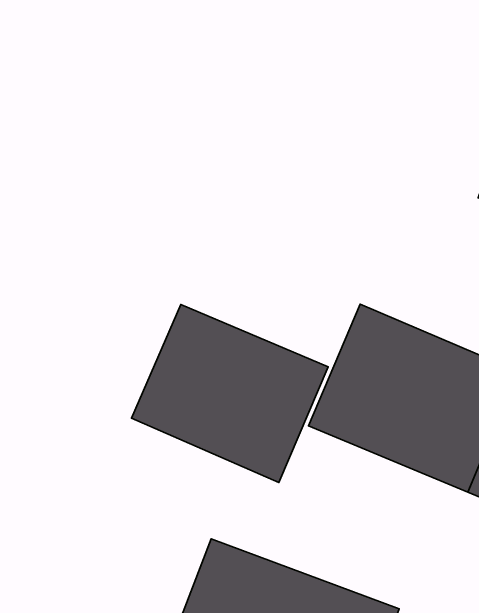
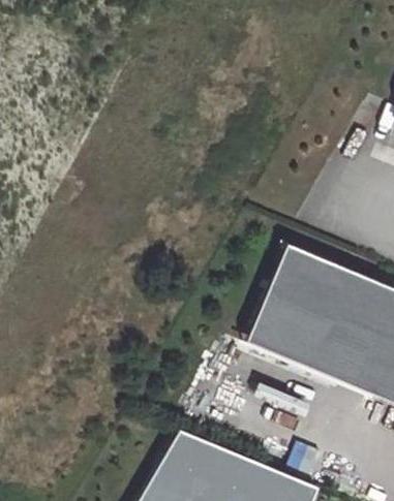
building: [132,304,328,483] -> none

